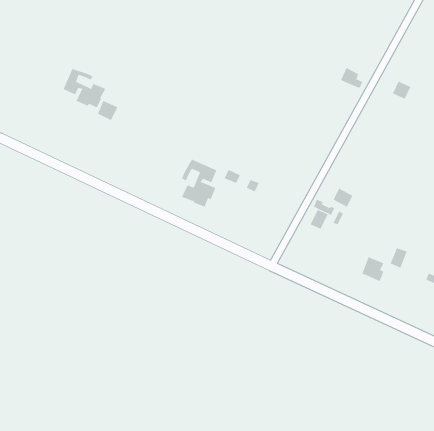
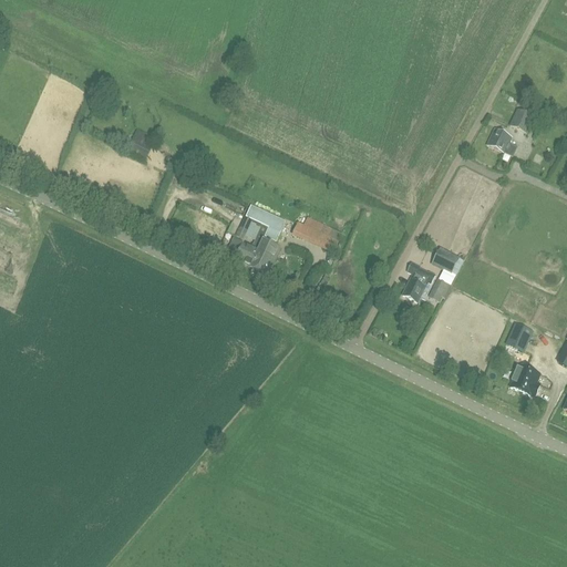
building: [340,67,363,89] -> [488,125,518,153]
building: [63,68,106,108] -> none
building: [361,256,384,282] -> [511,362,540,395]

